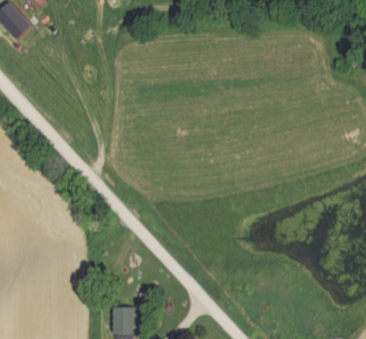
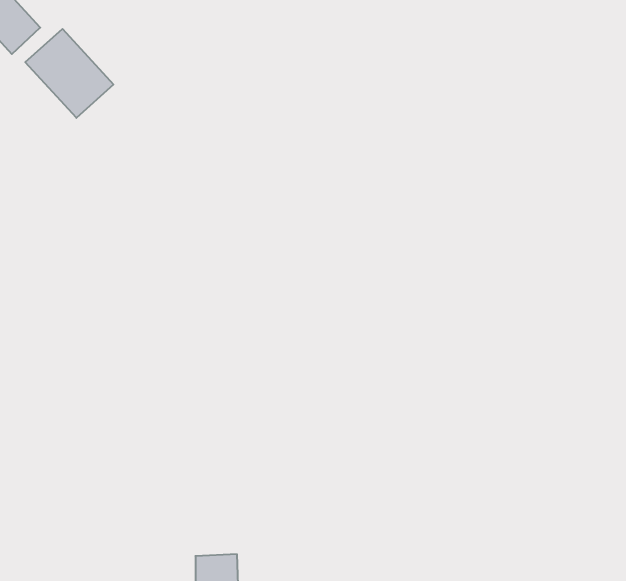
building: none -> [25,29,113,118]

